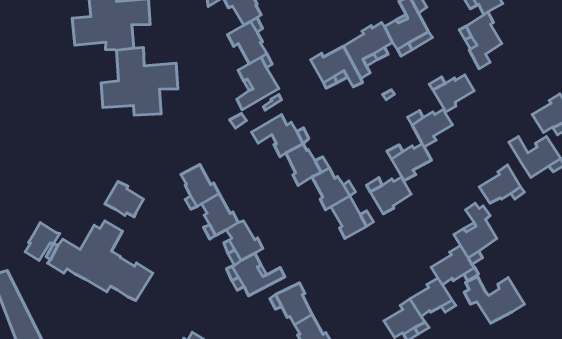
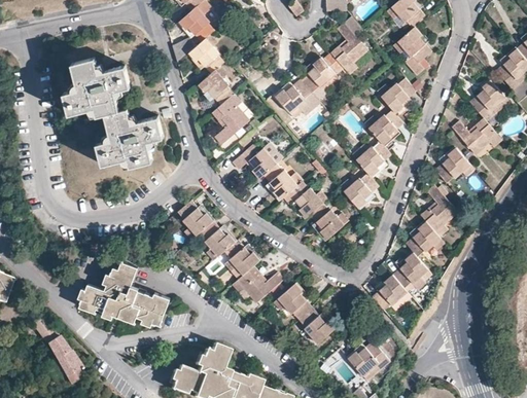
building: [105,181,143,217] -> none
building: [25,223,60,260] -> none
building: [464,276,525,323] -> none

